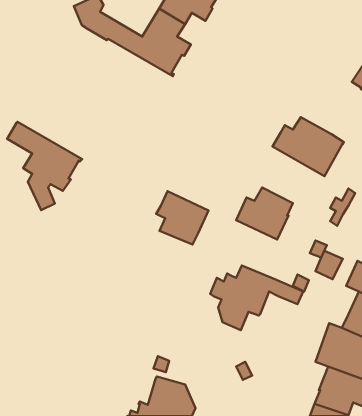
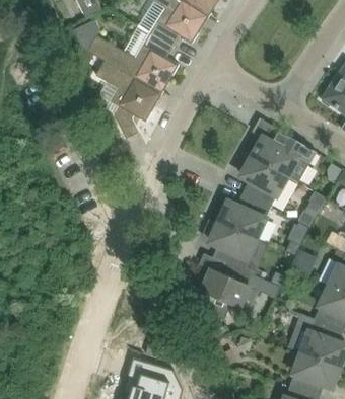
building: [7,122,82,210] -> [95,60,162,139]
building: none -> [240,156,287,207]
building: [156,191,208,244] -> [209,222,256,269]

